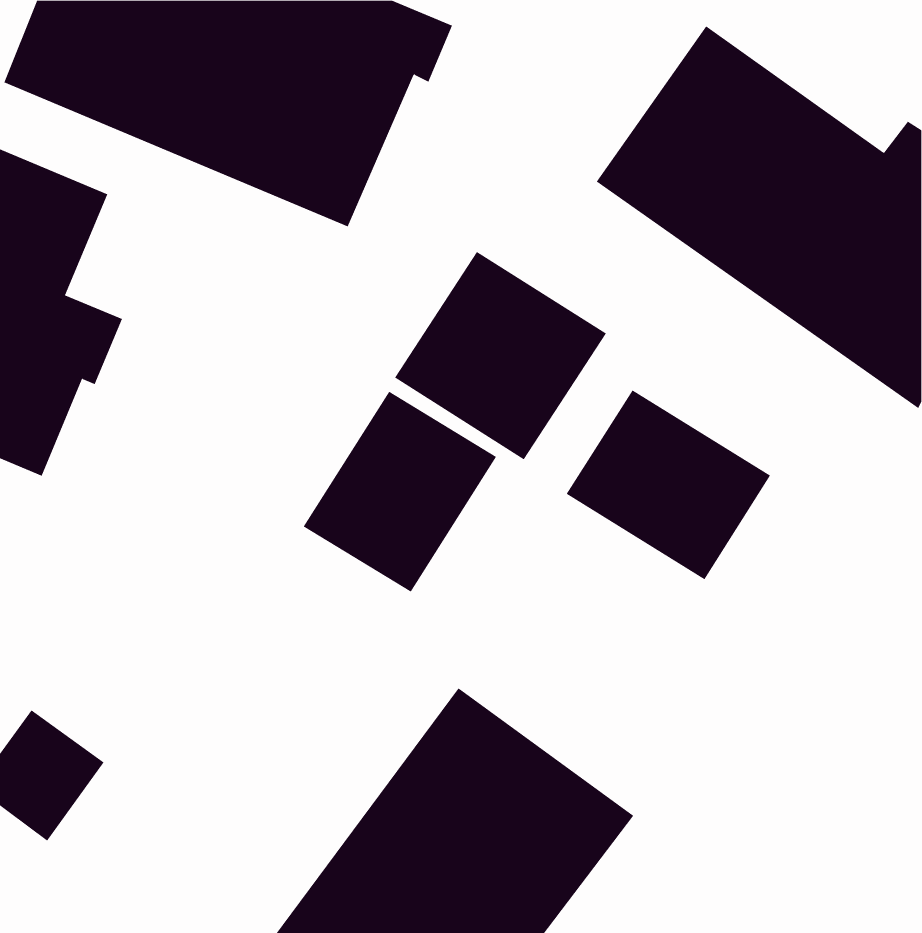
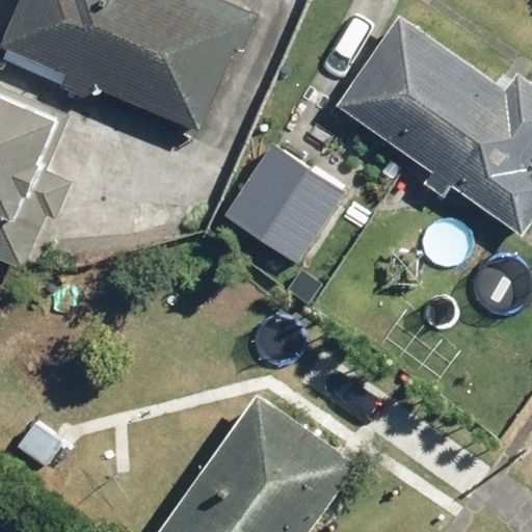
building: [566,389,771,580] -> none
building: [303,391,497,593] -> none

